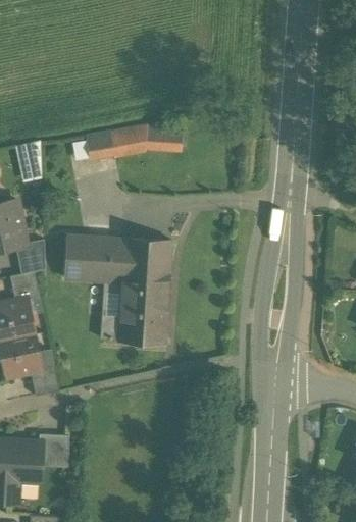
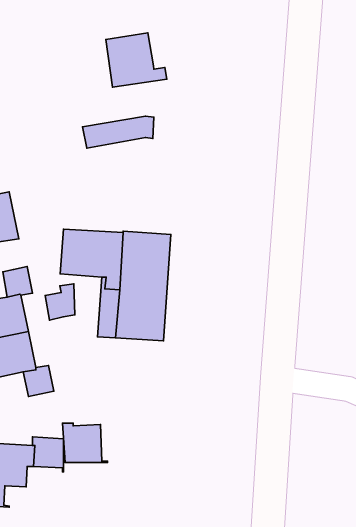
building: none -> [106,33,167,87]
building: [154,128,183,151] -> none
building: [18,141,41,180] -> none
building: [16,240,45,274] -> [45,284,75,320]
building: none -> [62,423,107,463]

